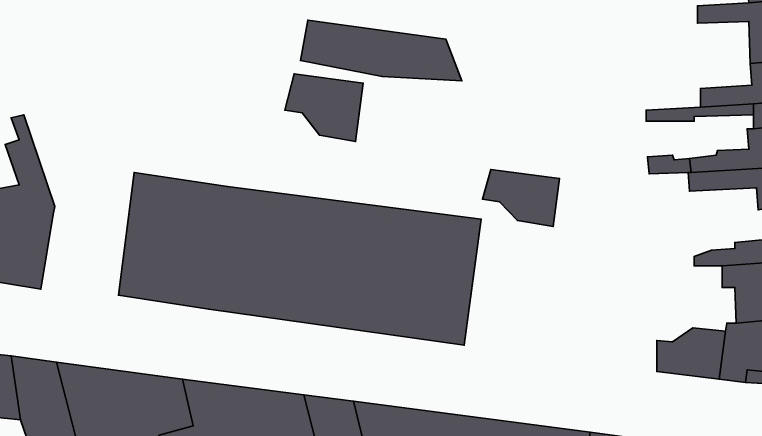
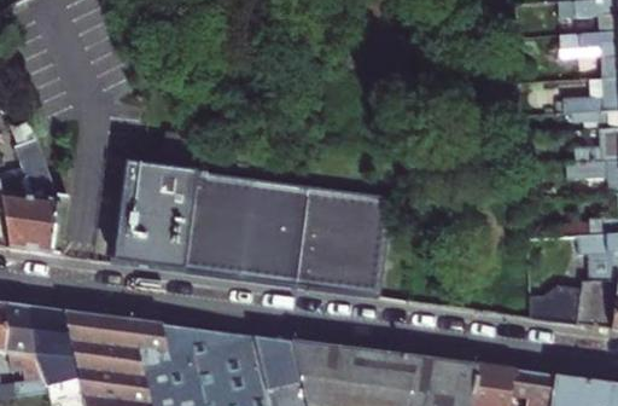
building: [300,20,462,81] -> none
building: [285,74,363,141] -> none
building: [483,169,559,226] -> none

